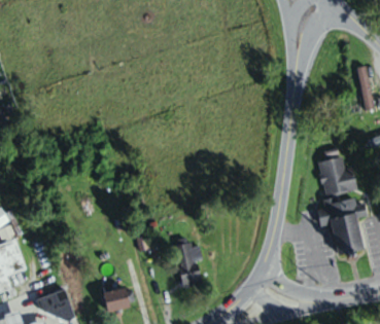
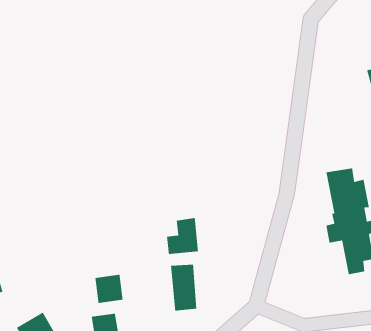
building: none -> [166,217,199,255]
building: none -> [95,274,123,304]

